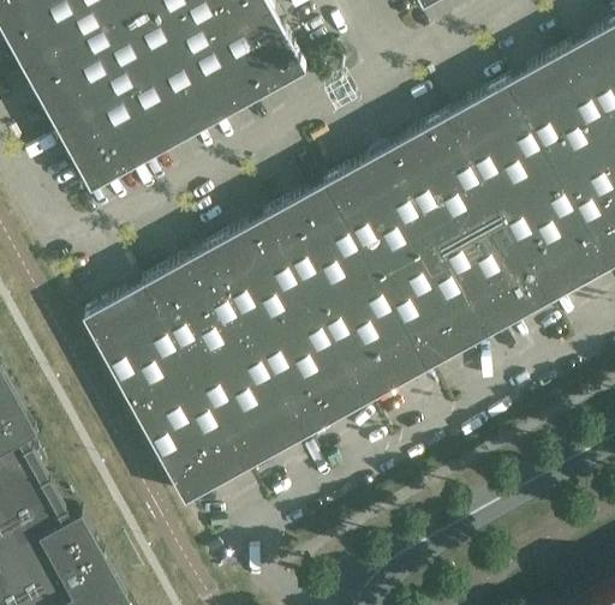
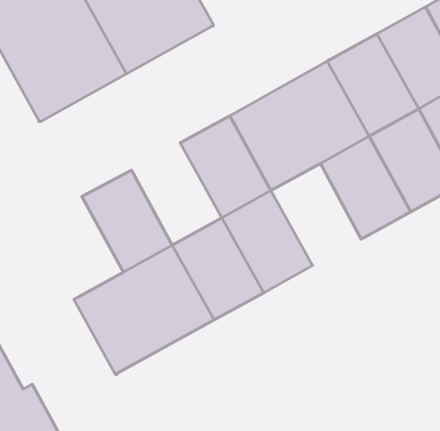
building: [205,217,317,343] -> none
building: [377,242,489,369] -> none
building: [84,283,196,411] -> none

